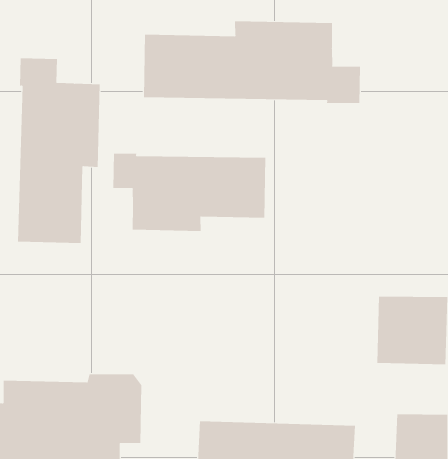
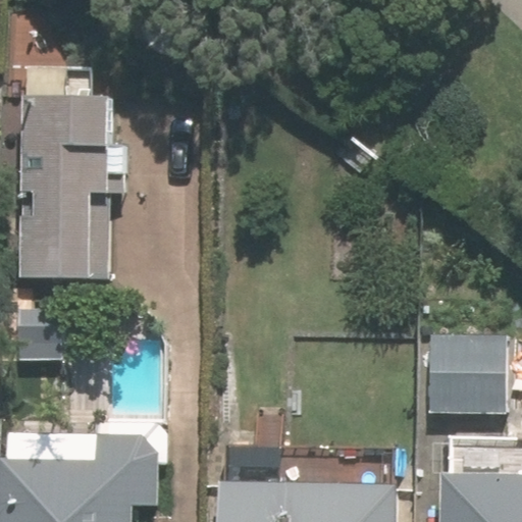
building: [143,20,360,104] -> none
building: [113,153,266,232] -> none

